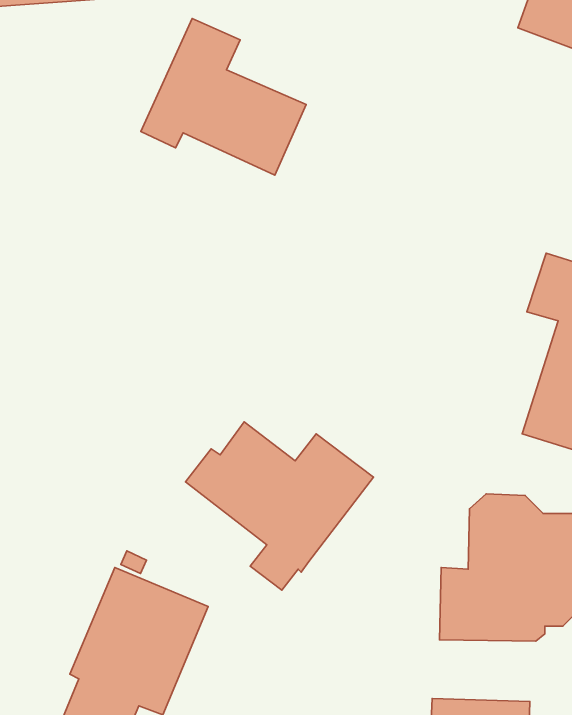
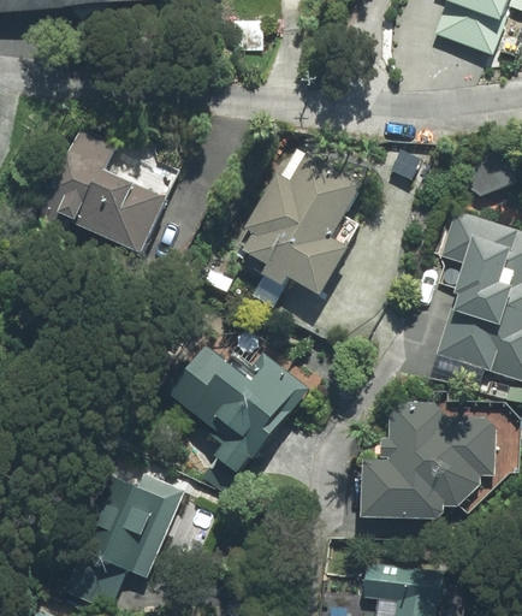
building: [141,19,306,175] -> [35,126,167,251]
building: none -> [236,149,366,295]

